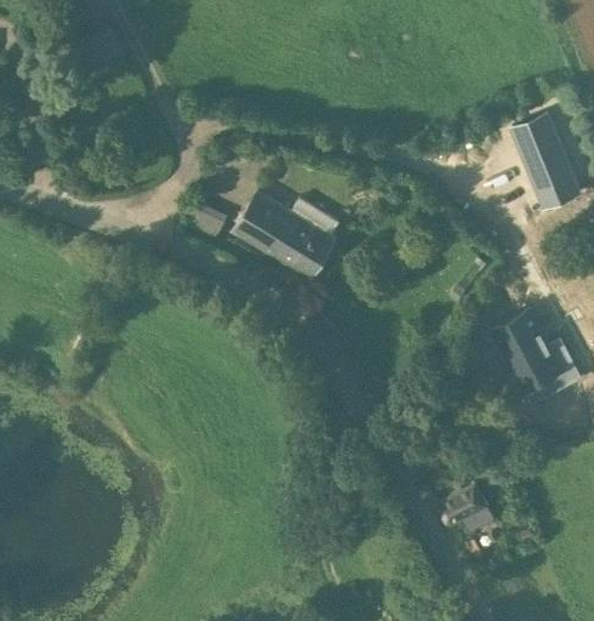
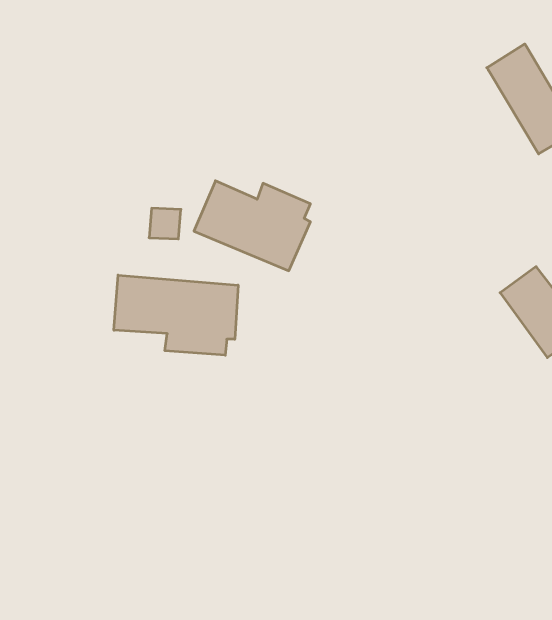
building: none -> [114,275,238,355]
building: [435,483,495,534] -> none

